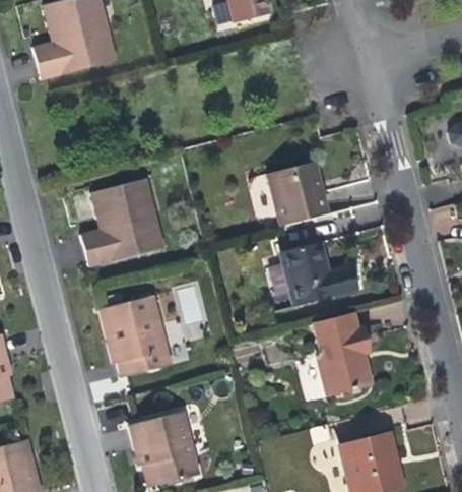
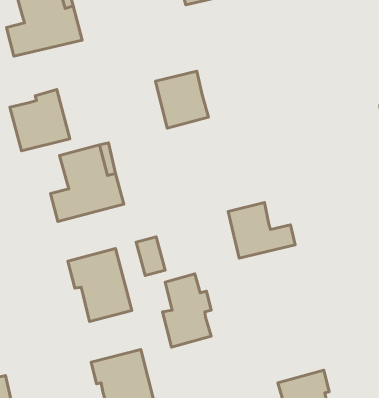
building: none -> [10,89,70,151]
building: [263,164,323,228] -> [155,71,209,128]
building: [316,313,371,395] -> [162,274,211,347]

